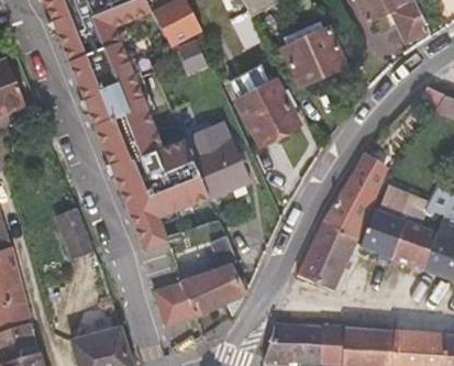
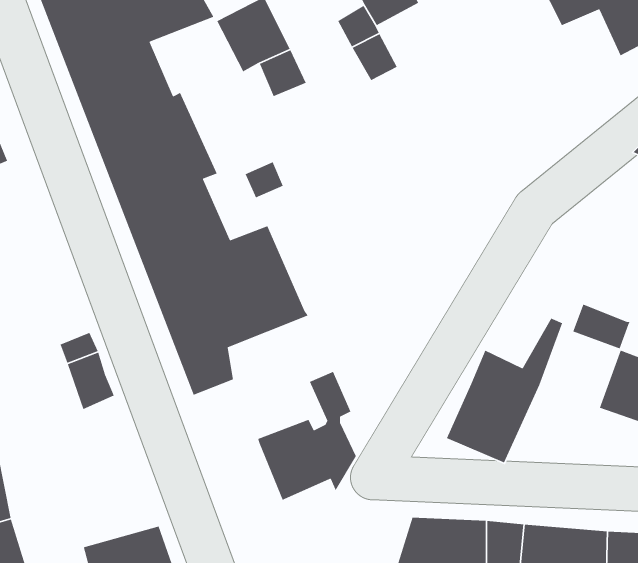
building: [285,29,345,85] -> none
building: [230,68,302,143] -> none
building: [184,120,250,196] -> none
building: [321,162,381,231] -> none
building: [361,209,405,256] -> none
building: [158,278,196,323] -> none

